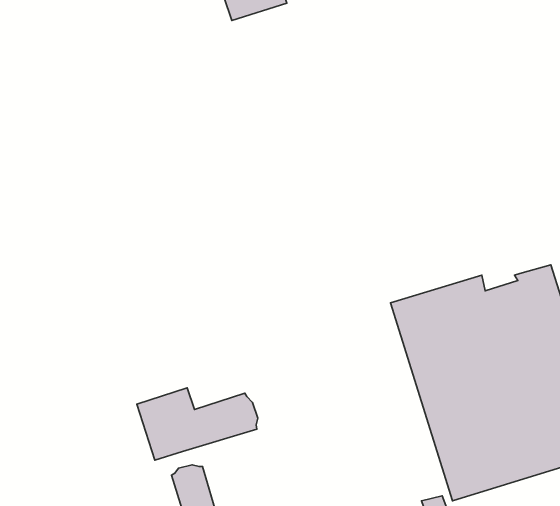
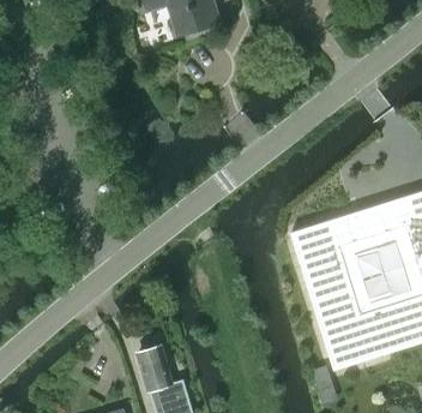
building: [137,388,258,460] -> none

